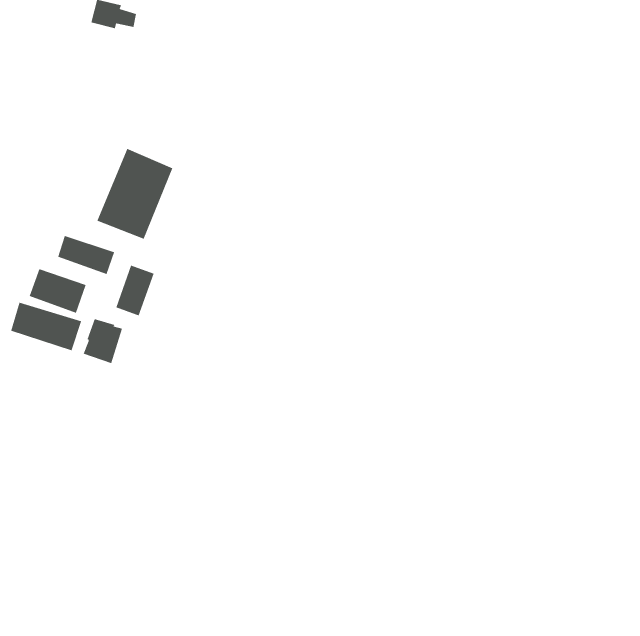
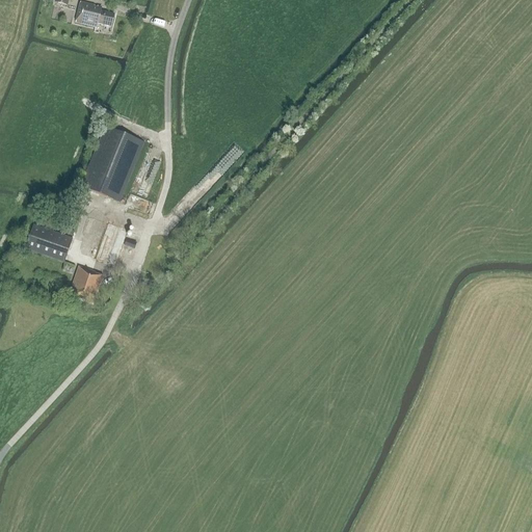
building: [57,235,115,275] -> none
building: [10,302,82,351] -> none

